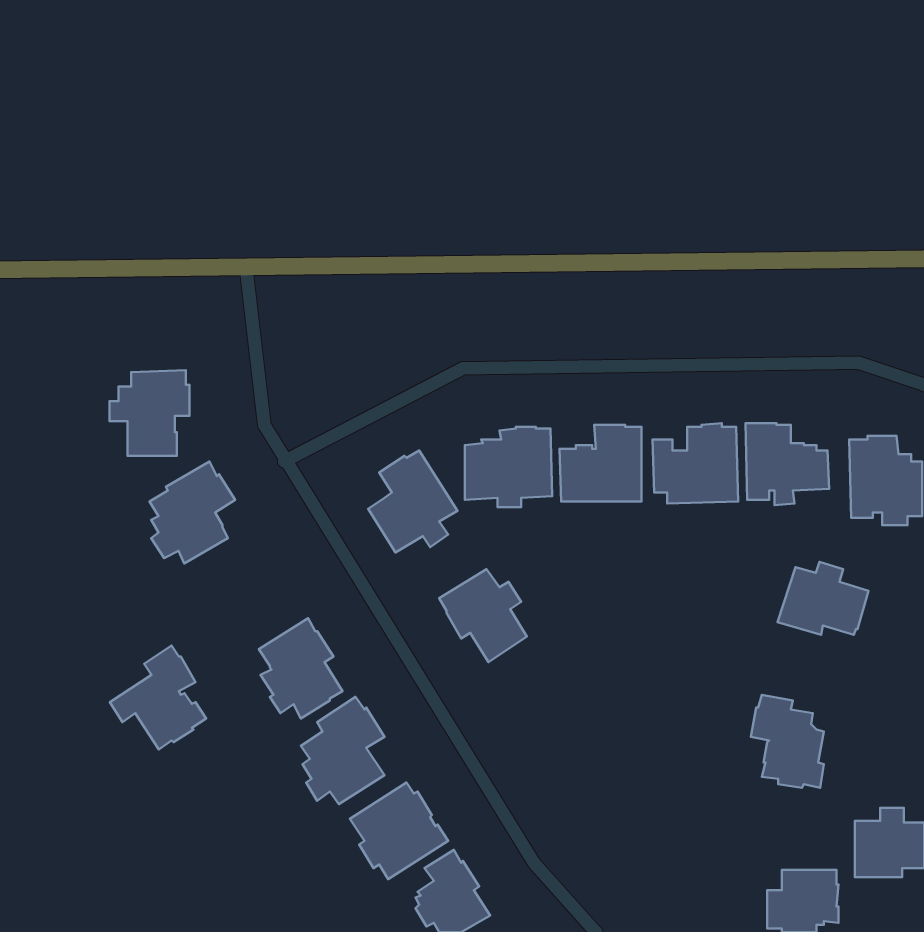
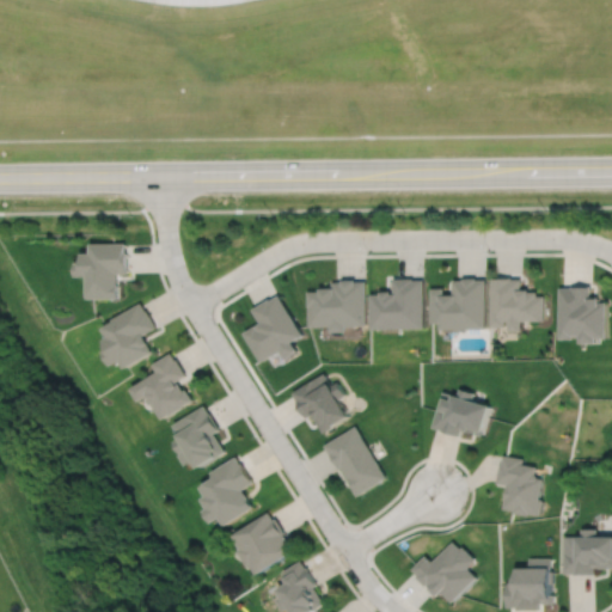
building: [777,562,869,635] -> [428,388,488,436]
building: [110,646,206,750] -> [128,353,191,421]
building: none -> [319,426,382,497]
building: none -> [409,543,475,604]

